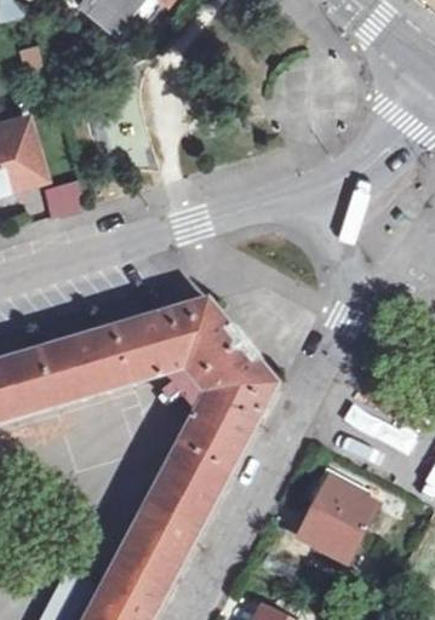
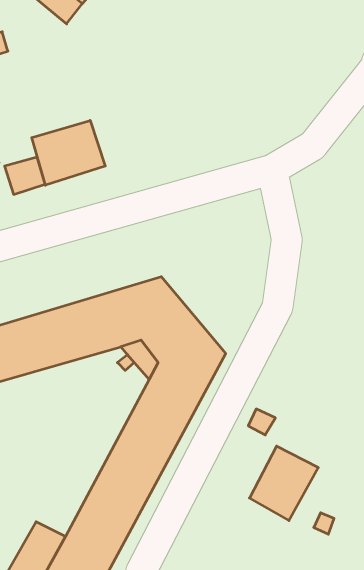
building: none -> [32,120,105,185]

